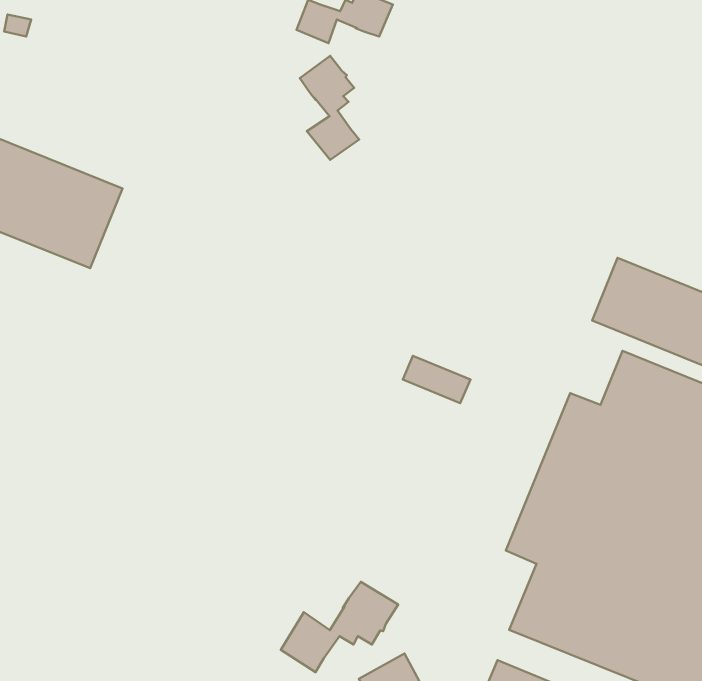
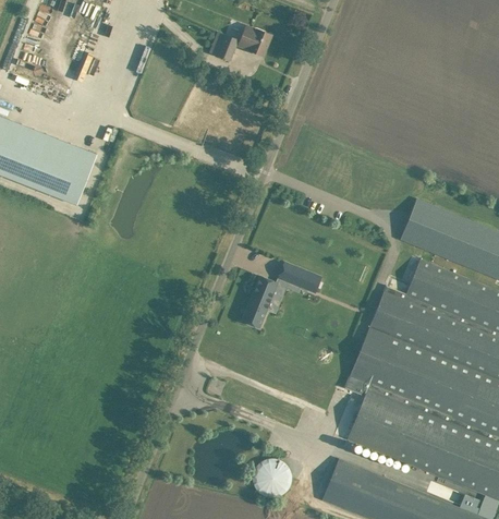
building: [300,56,359,160] -> none
building: none -> [242,276,277,327]
building: [281,582,398,672] -> none

